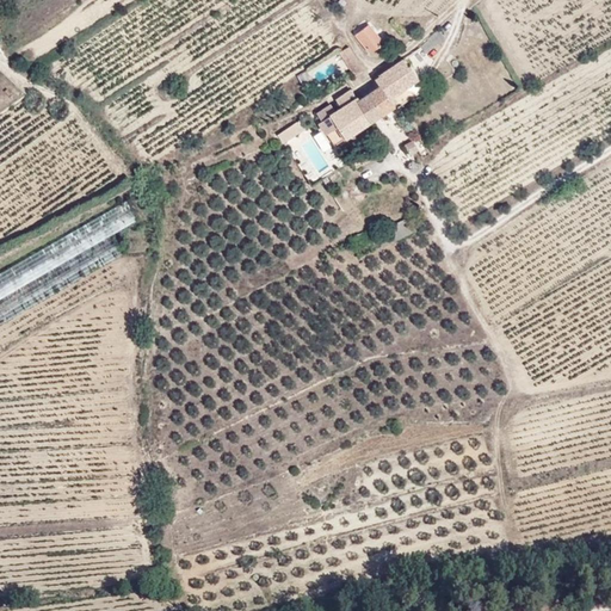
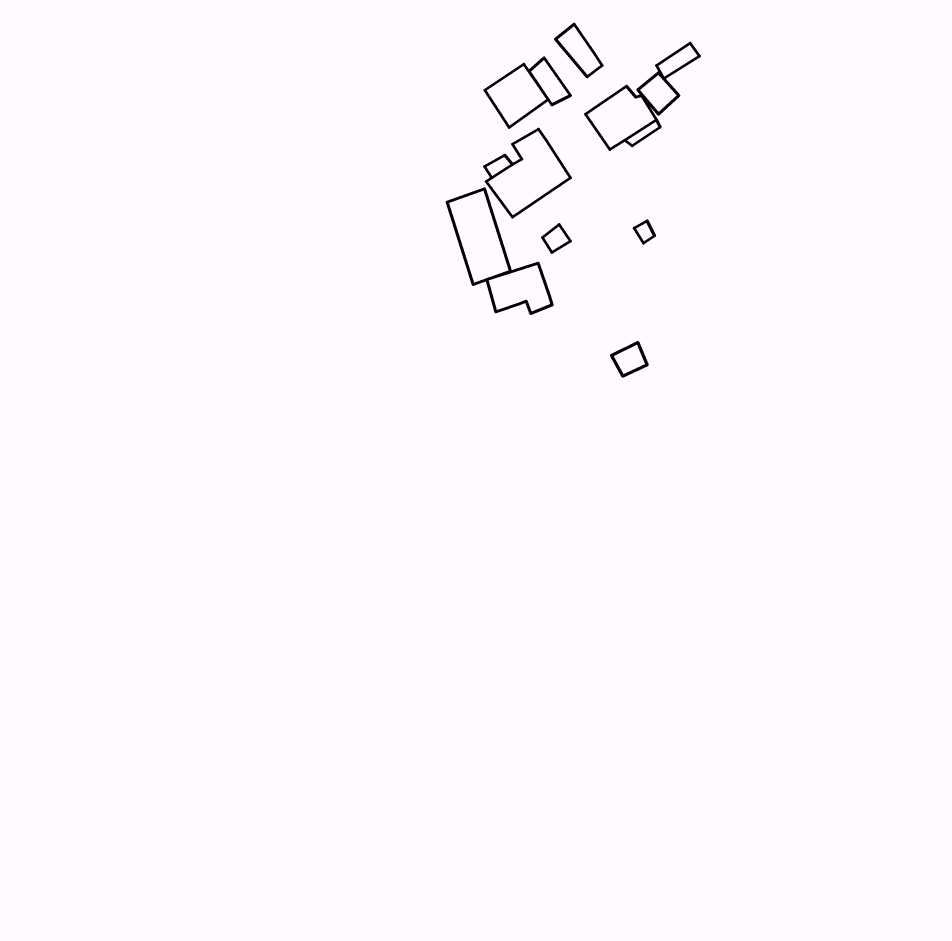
building: [351,82,391,123] -> [485,64,548,128]
building: none -> [487,263,552,314]

